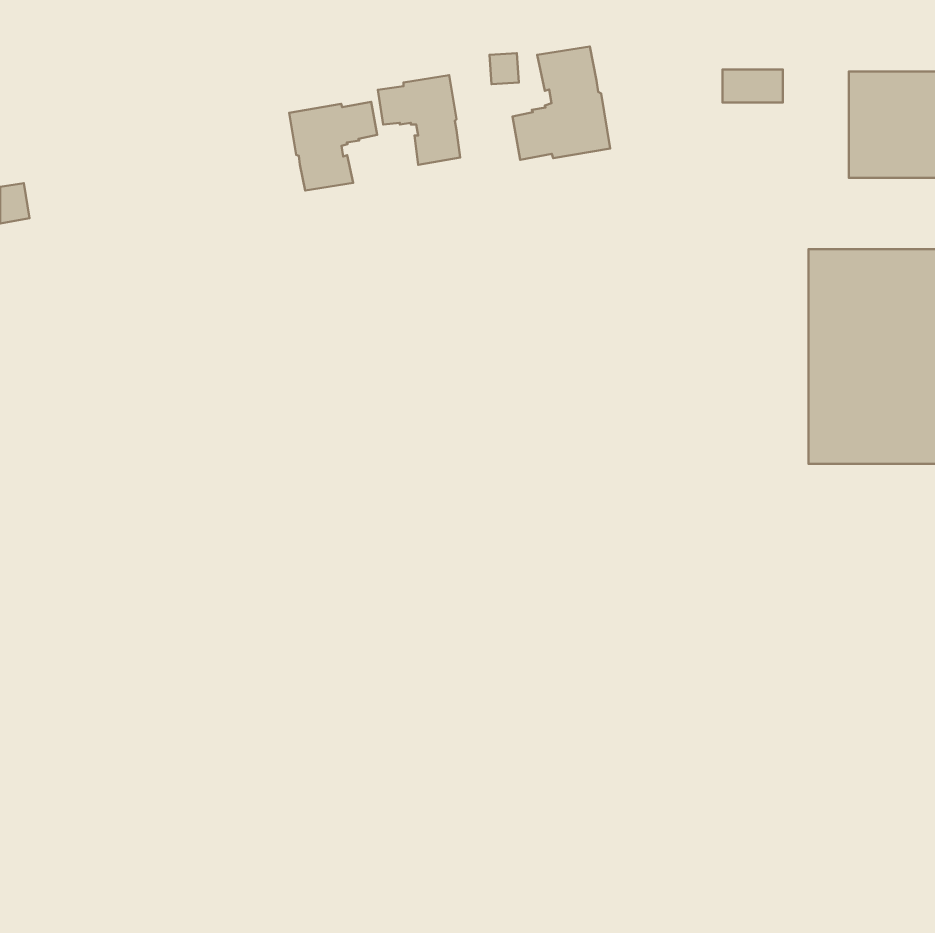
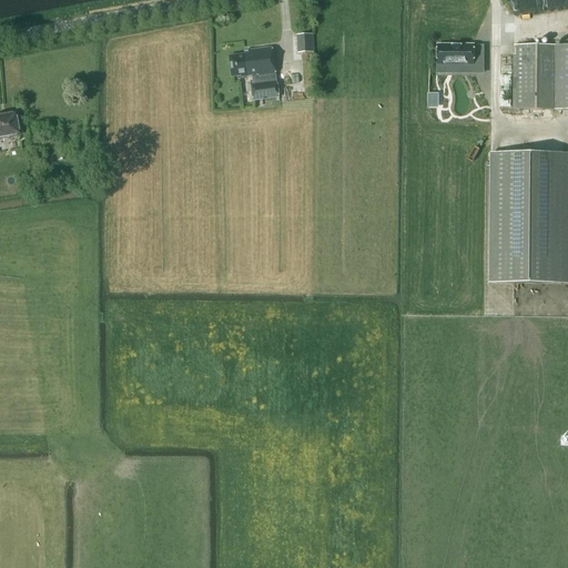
building: [513,46,610,160] -> none
building: [289,102,377,190] -> none

